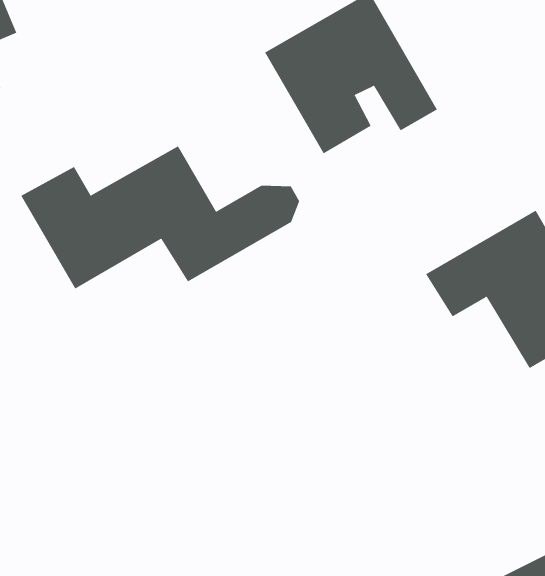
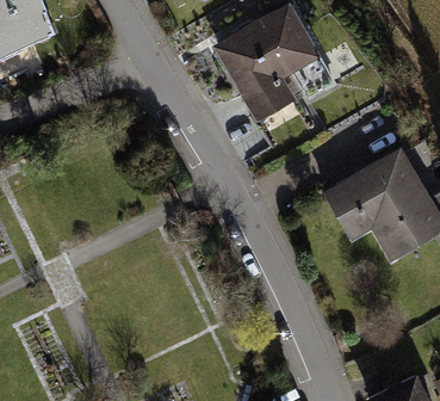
building: [21,146,300,290] -> none

